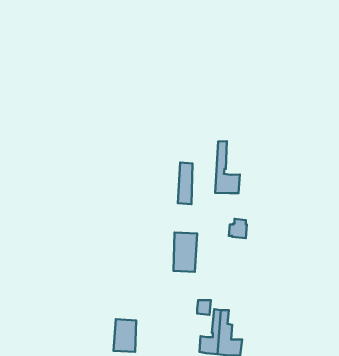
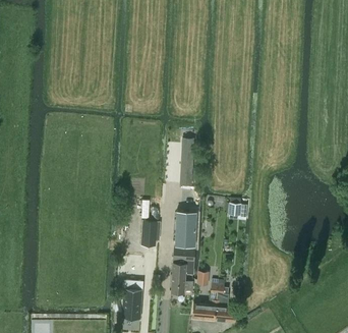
building: [215,141,240,193] -> none
building: none -> [171,247,195,294]

